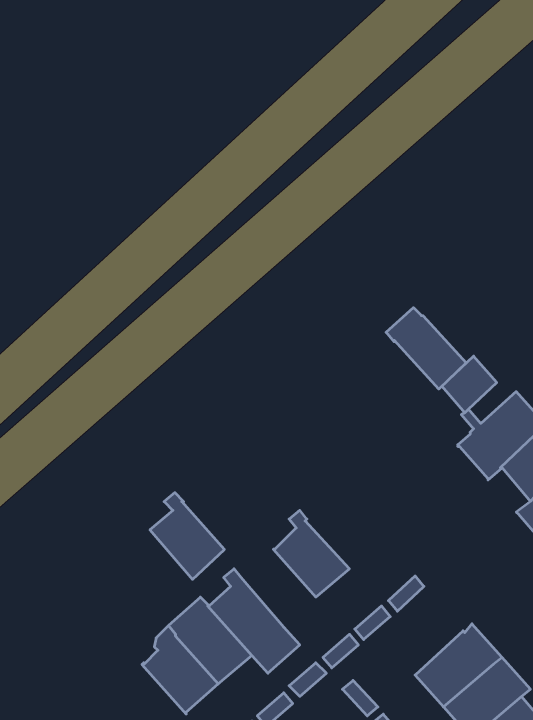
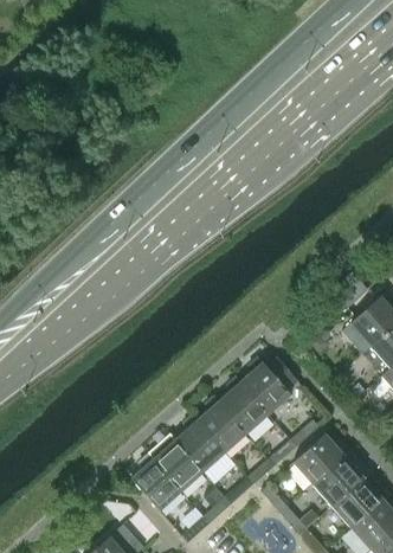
building: [386,308,466,389] -> none
building: none -> [239,356,298,414]
building: [150,493,224,579] -> [196,396,246,454]
building: none -> [292,433,350,486]

